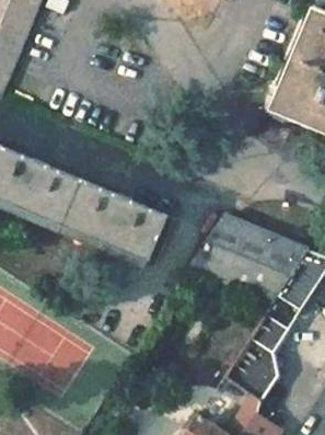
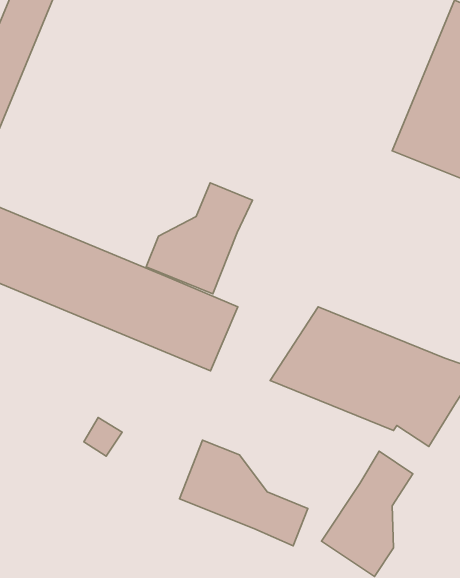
building: none -> [146,183,252,294]
building: none -> [180,440,308,546]

